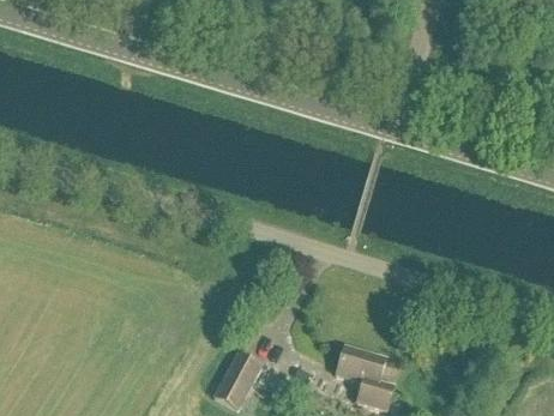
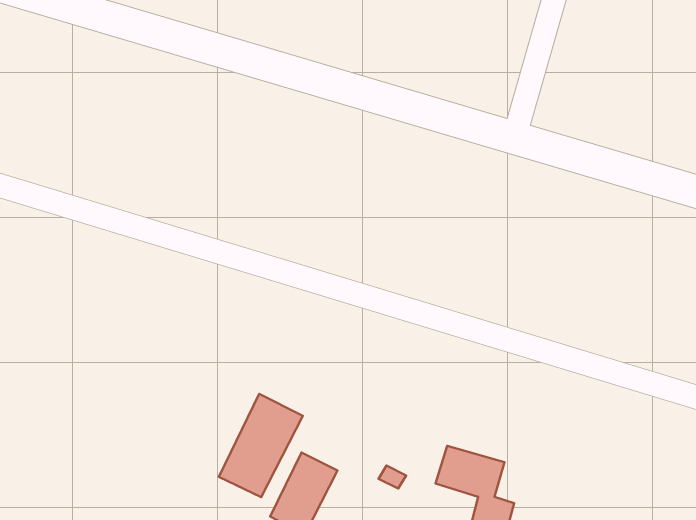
building: none -> [219,394,303,497]

